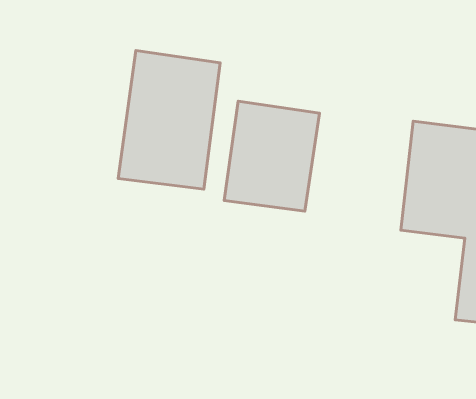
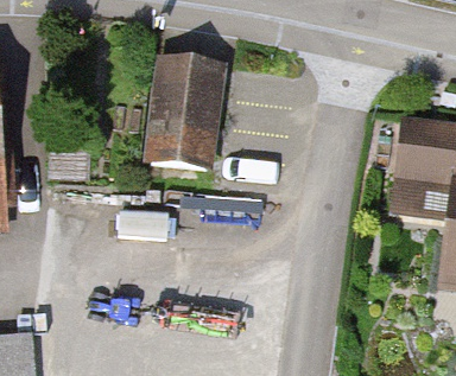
building: [224,101,319,211] -> none

